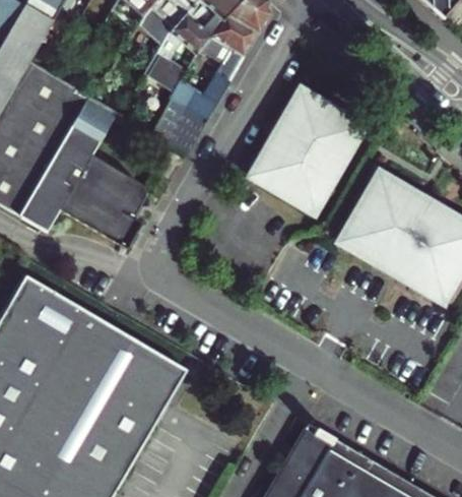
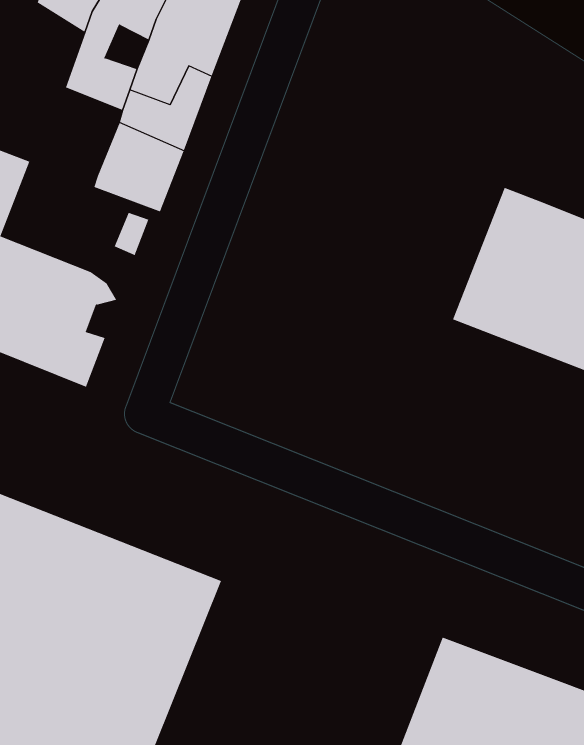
building: [248,89,364,214] -> none

